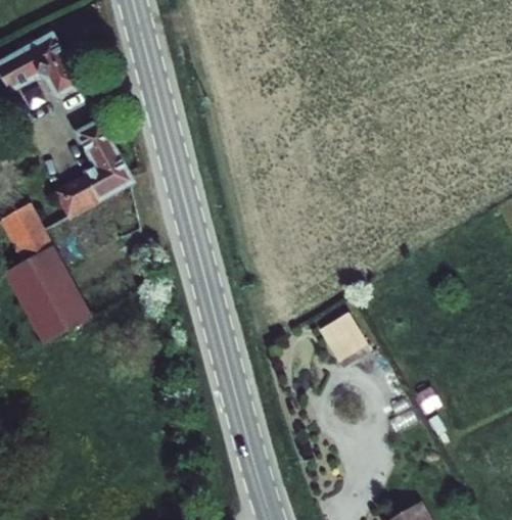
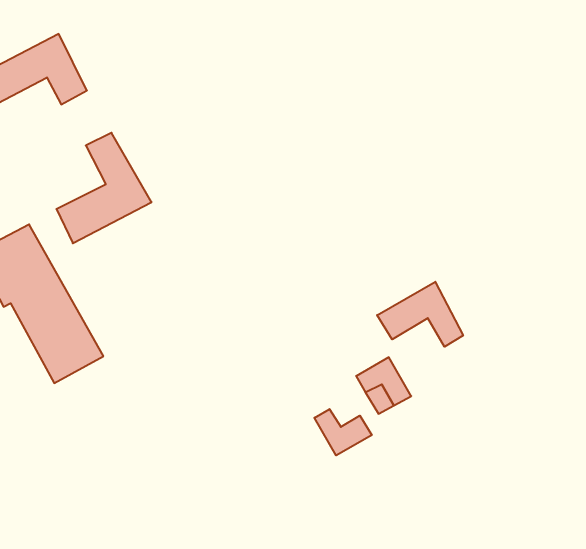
building: none -> [377,282,463,347]
building: none -> [314,409,372,455]

